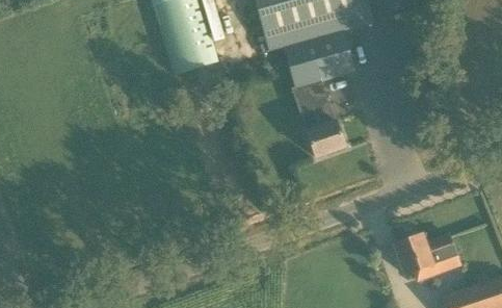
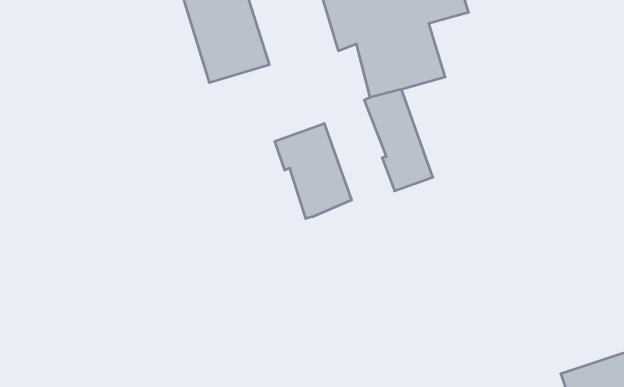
building: none -> [275,123,352,219]
building: [393,232,454,280] -> none

